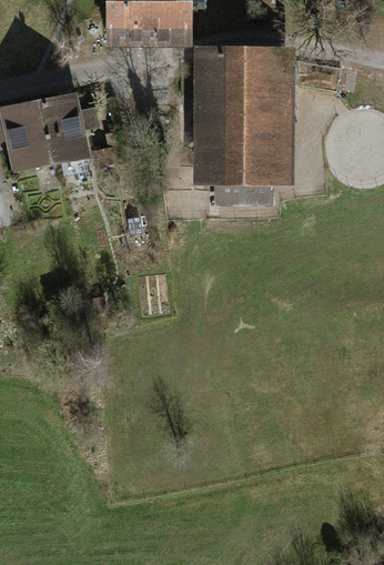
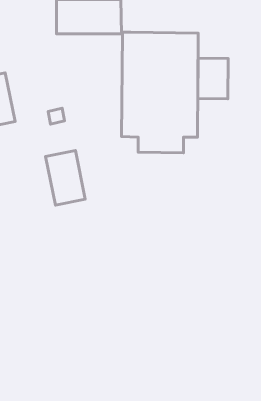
building: none -> [198,58,228,99]
building: [36,91,89,164] -> [46,151,85,205]

